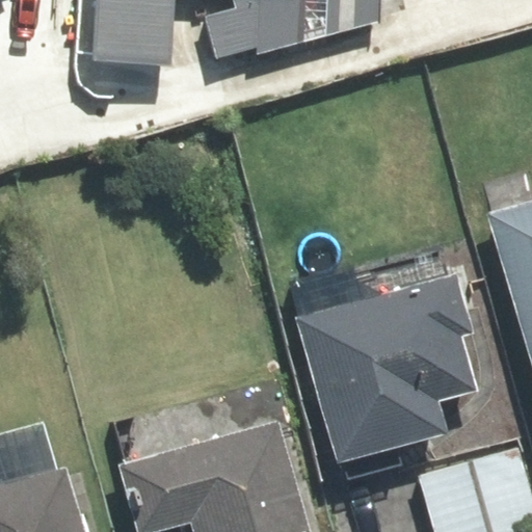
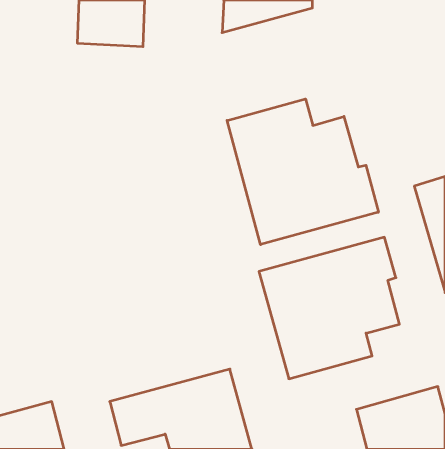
building: none -> [227,99,378,245]

